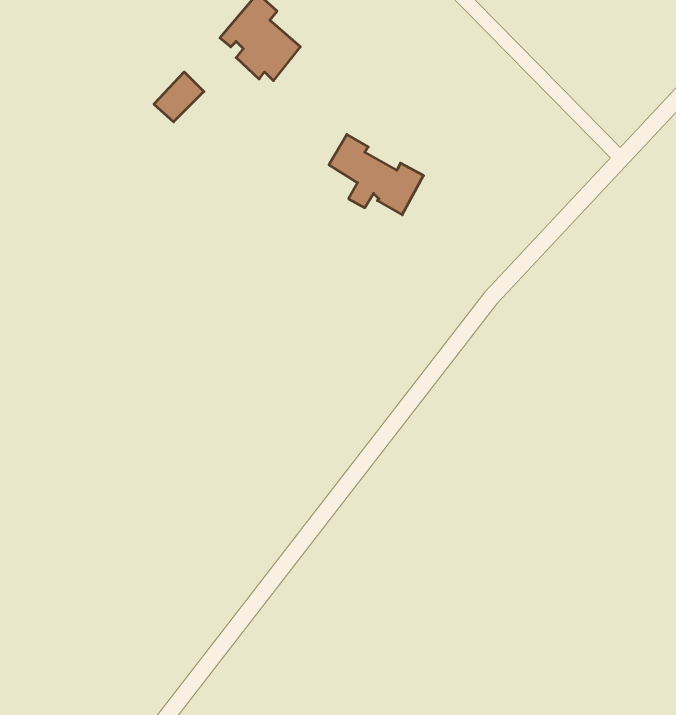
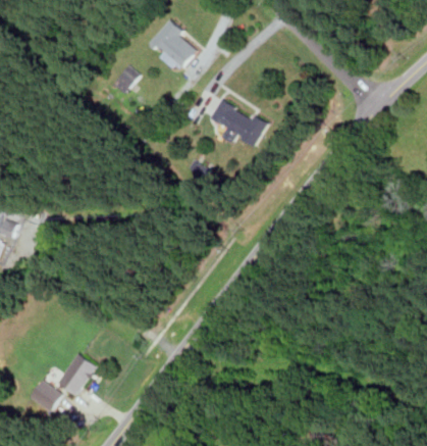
building: none -> [56,353,96,396]
building: none -> [30,381,62,412]

